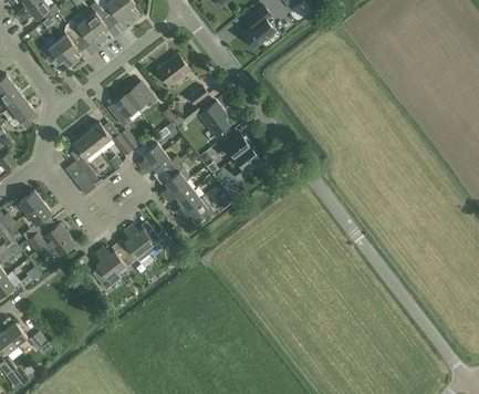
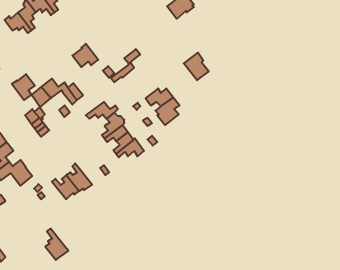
building: [156,54,189,86] -> none
building: [106,95,135,127] -> [12,74,35,100]
building: [198,103,229,137] -> [184,53,209,80]
building: [137,128,169,169] -> none
building: [127,221,160,256] -> none
building: [92,251,121,290] -> [45,229,68,260]

